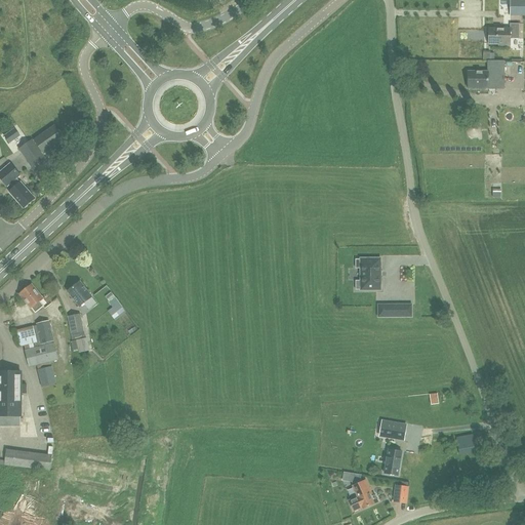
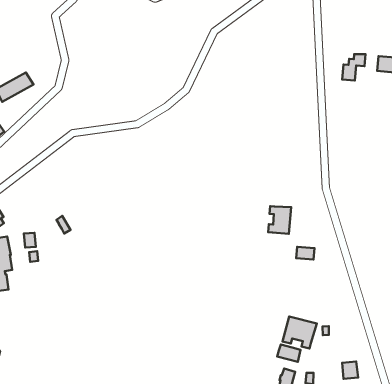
building: none -> [342,54,366,81]
building: [67,280,96,308] -> none
building: none -> [283,316,317,348]

